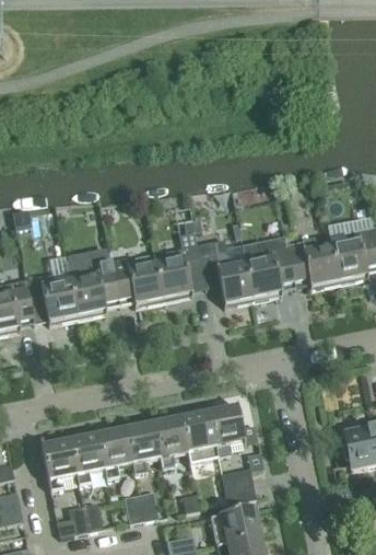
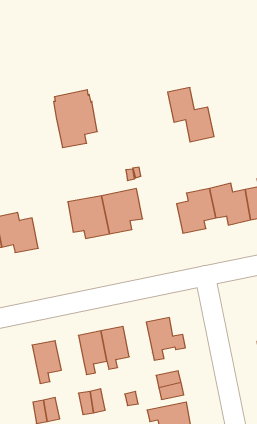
building: [197,240,254,307] -> [168,88,214,142]
building: [66,247,119,319] -> [54,90,97,148]
building: [180,409,219,462] -> none
building: [97,426,133,478] -> none
building: [40,438,77,490] -> none

